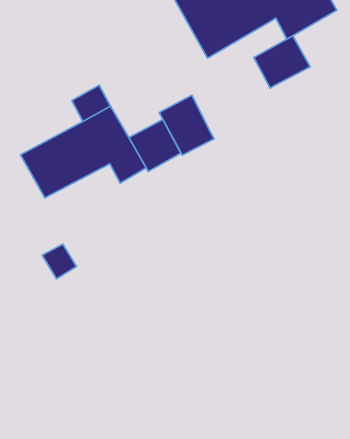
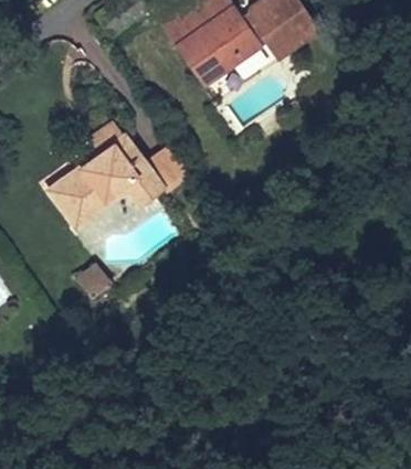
building: [254,36,310,88] -> none
building: [159,95,214,155] -> none

